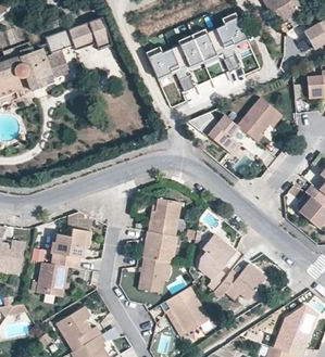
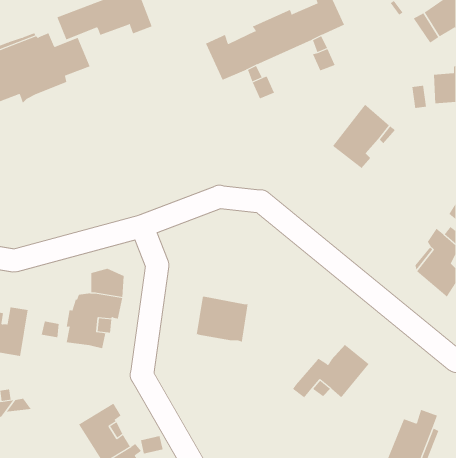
building: [196,114,239,155] -> none
building: [147,194,180,237] -> none
building: [196,234,235,293] -> none
building: [138,258,166,292] -> none
building: [36,262,66,296] -> none
building: [163,288,208,339] -> none

